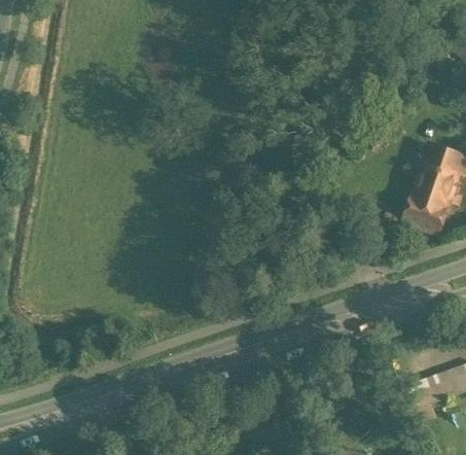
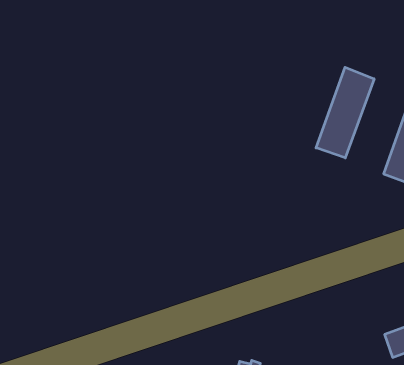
building: none -> [316,67,374,158]

